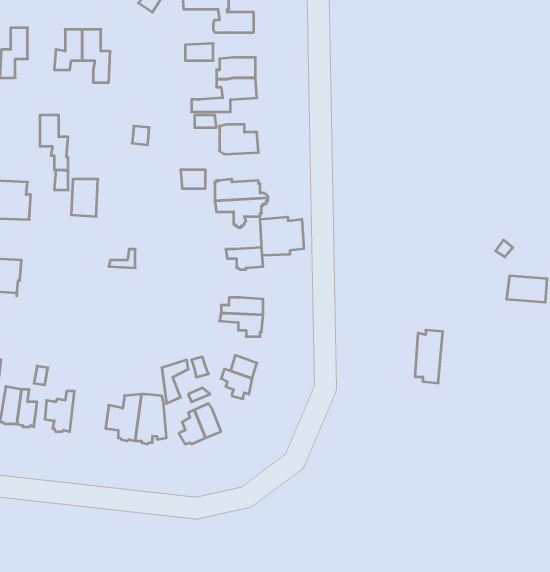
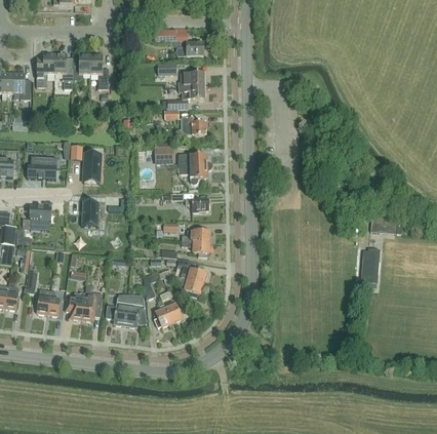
building: [40,115,68,170] -> [54,52,73,88]
building: [260,217,304,255] -> none
building: none -> [81,200,100,226]
building: [415,330,443,383] -> [361,247,380,282]
building: none -> [82,284,103,320]

